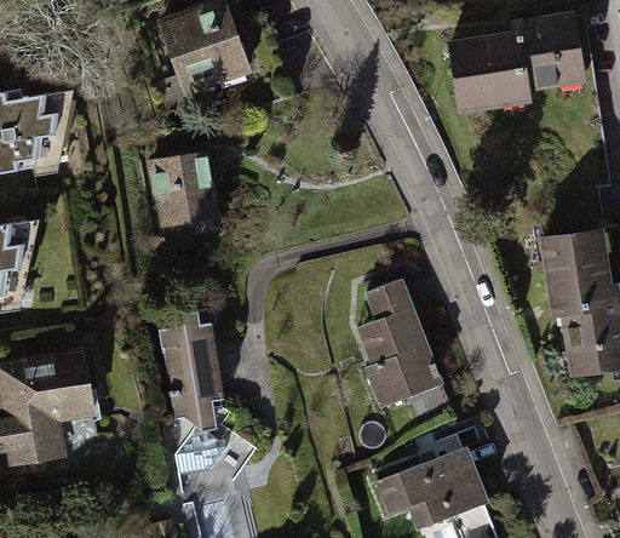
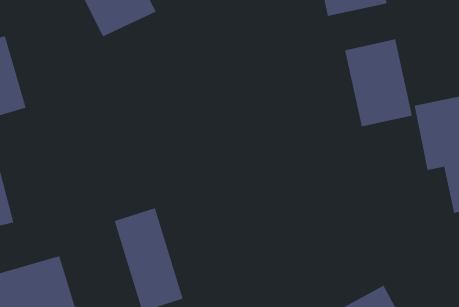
building: none -> [345,39,412,127]
building: [147,158,218,237] -> none
building: [352,280,441,406] -> none

